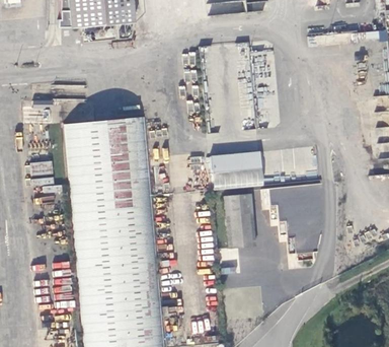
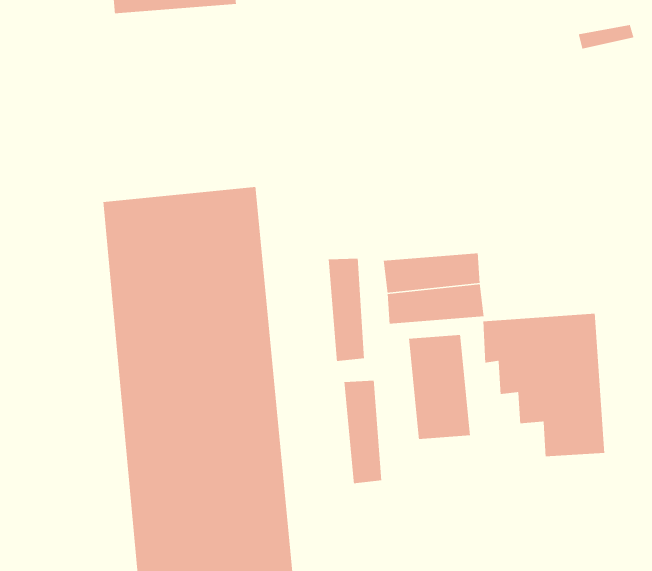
building: none -> [328,258,365,362]
building: none -> [343,380,382,484]

